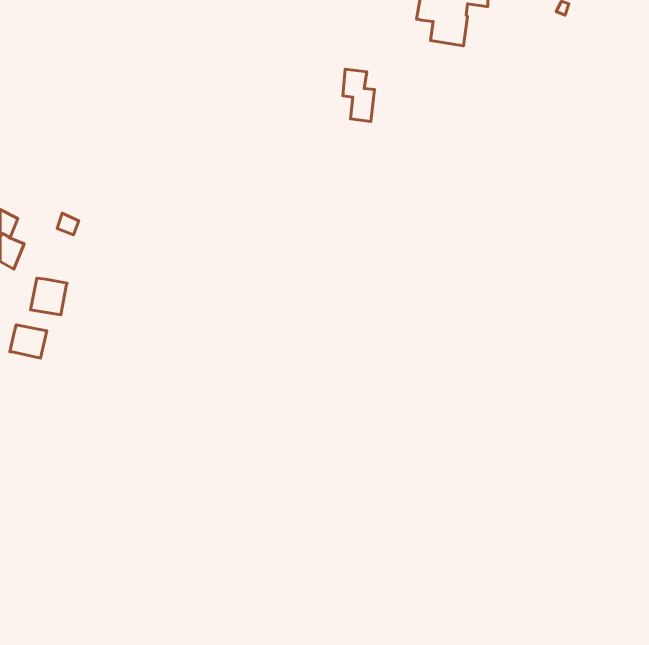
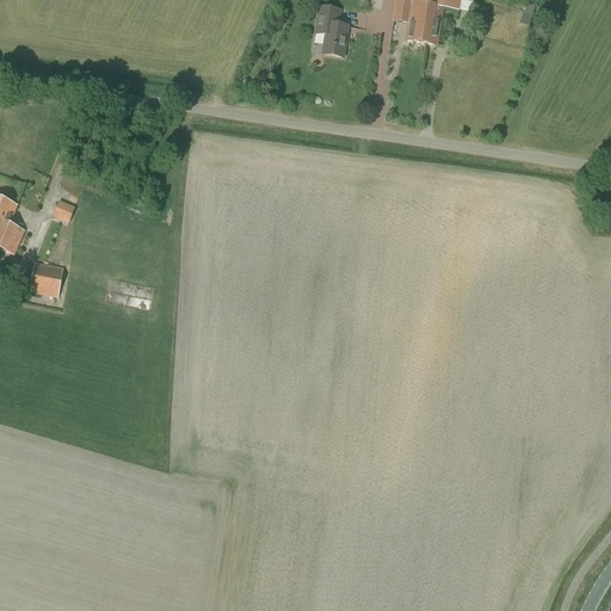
building: [343,69,374,121] -> [316,6,346,55]
building: [10,325,47,358] -> none

